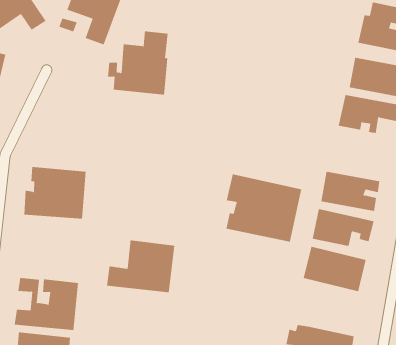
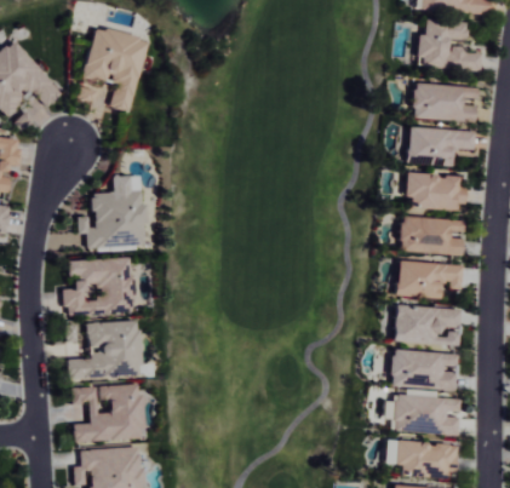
building: [107,31,168,95] -> [78,174,147,247]
building: none -> [405,173,466,209]
building: [226,173,302,243] -> none
building: [106,240,175,293] -> [68,321,141,378]
building: none -> [390,350,458,390]

